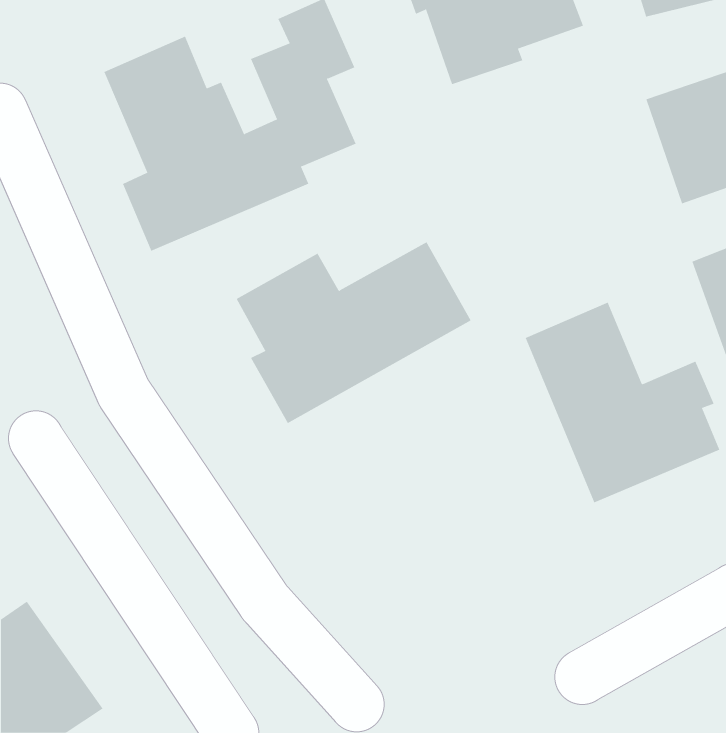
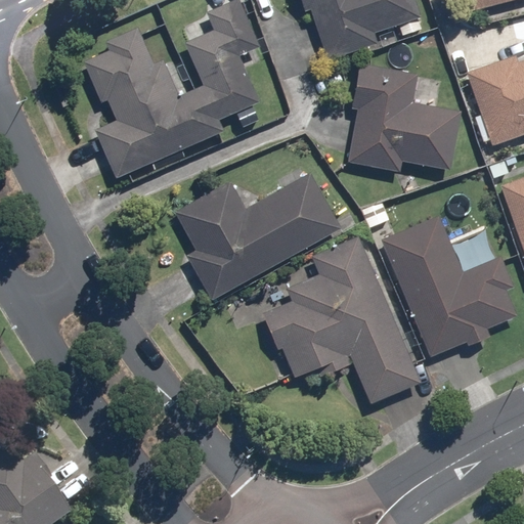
building: none -> [347,62,463,173]
building: none -> [260,236,421,405]

